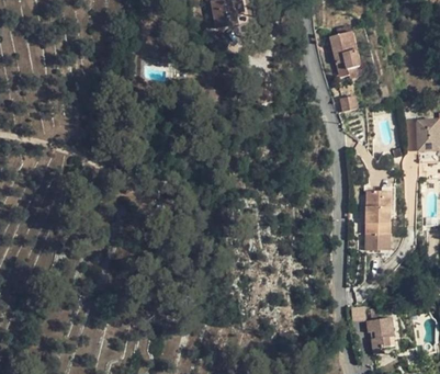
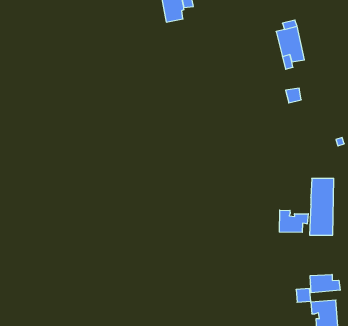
building: none -> [279,210,308,232]
building: none -> [310,274,340,293]

